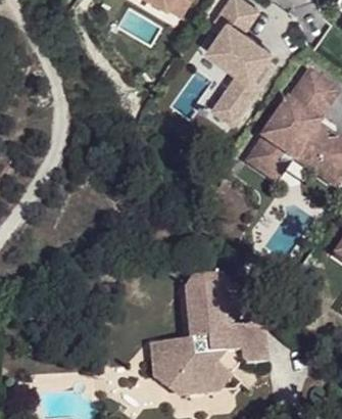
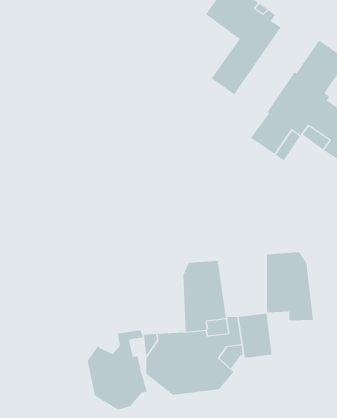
building: none -> [266,251,313,321]
building: none -> [87,329,148,411]

